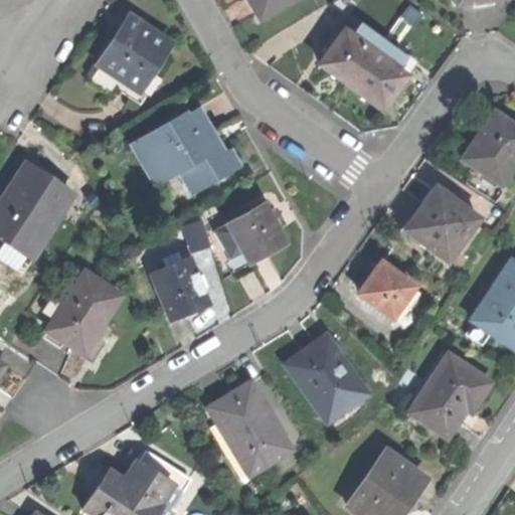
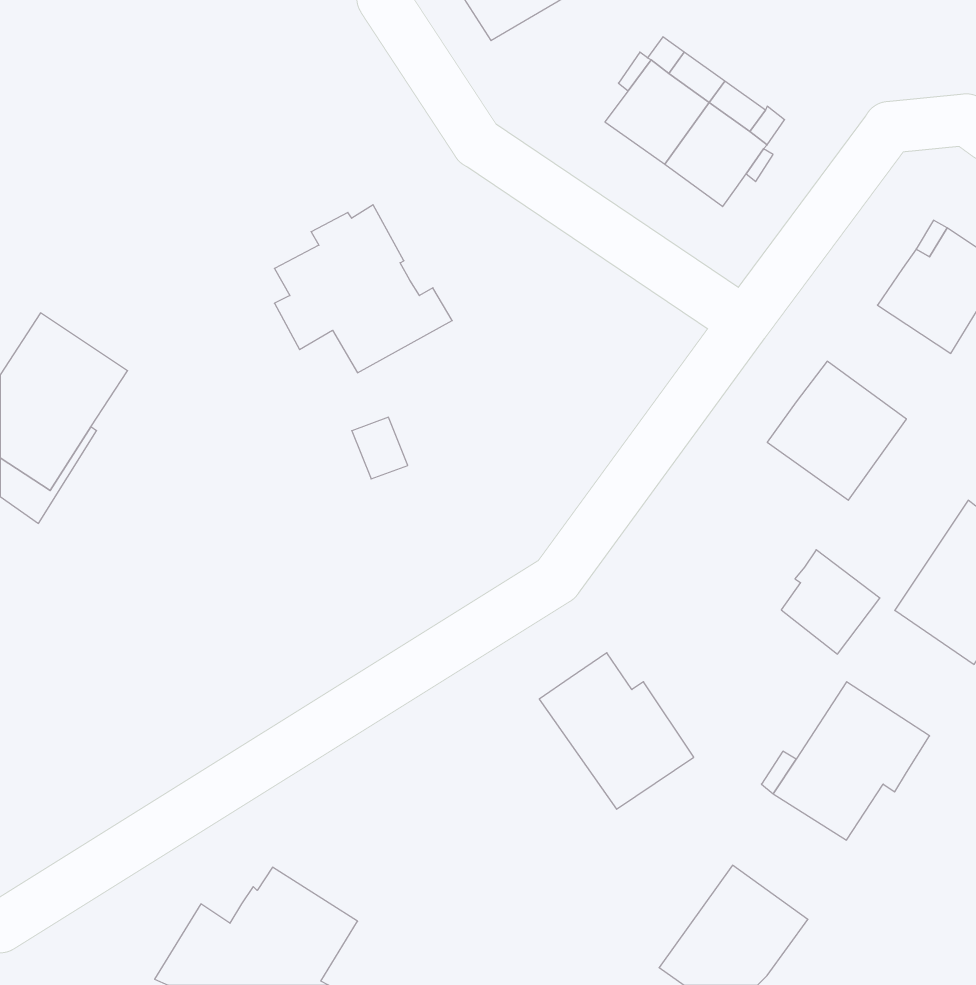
building: [100,16,171,90] -> none
building: [218,204,285,260] -> none
building: [154,259,209,318] -> none
building: [363,265,414,319] -> [781,550,880,654]
building: [47,273,124,352] -> none
building: [204,382,290,475] -> none

